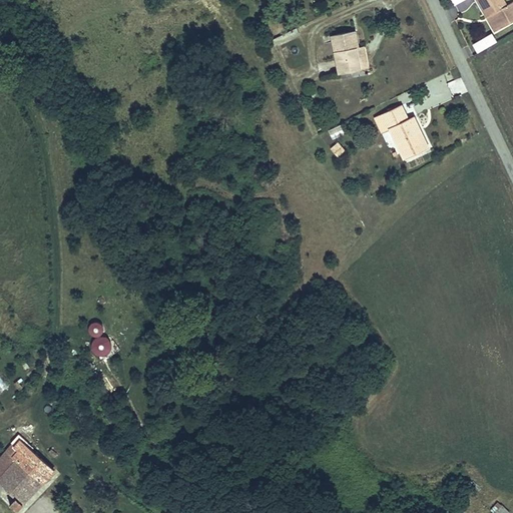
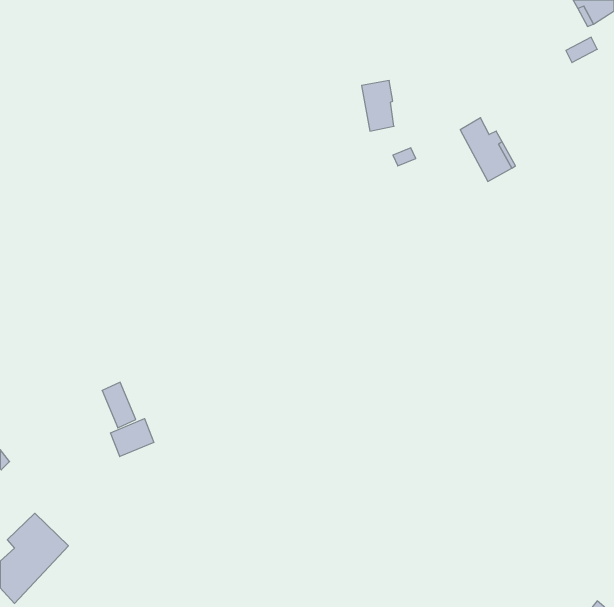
building: [329,32,356,74] -> [362,81,394,131]
building: none -> [111,419,154,457]

